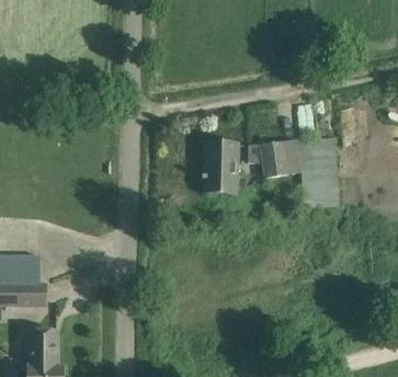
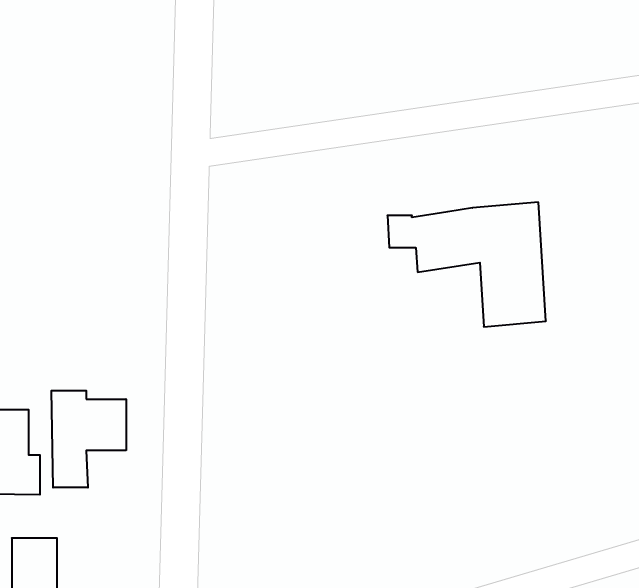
building: [201,141,237,192] -> none
building: none -> [51,391,126,488]

